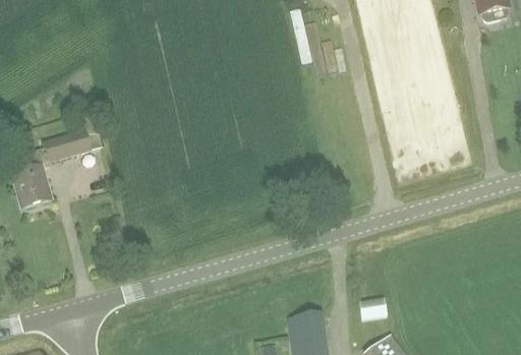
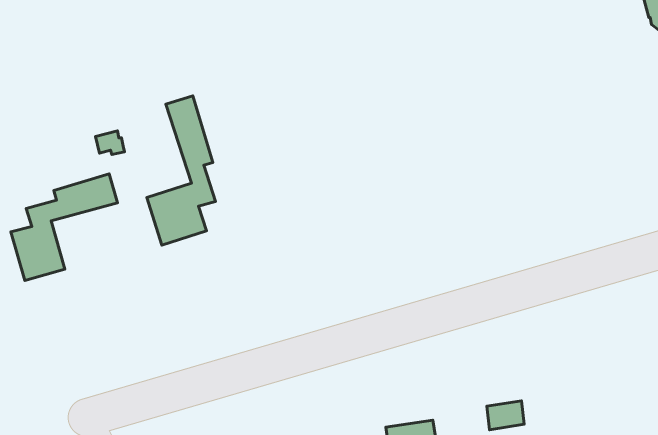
building: none -> [147,96,215,245]

